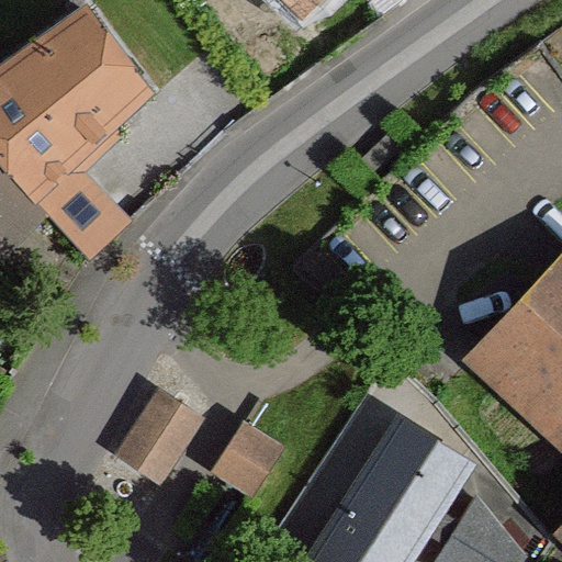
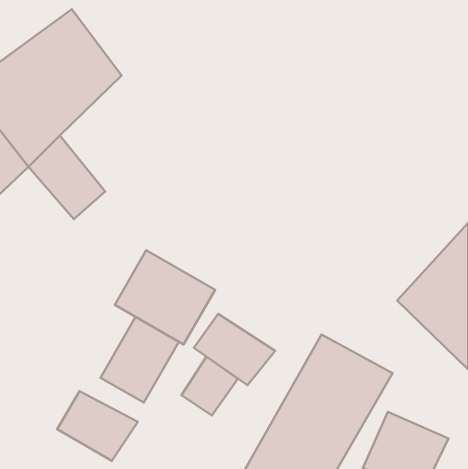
building: none -> [115,250,215,345]
building: none -> [194,314,275,385]
building: none -> [57,391,138,461]

